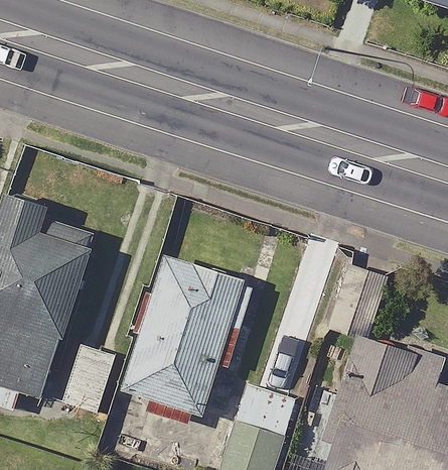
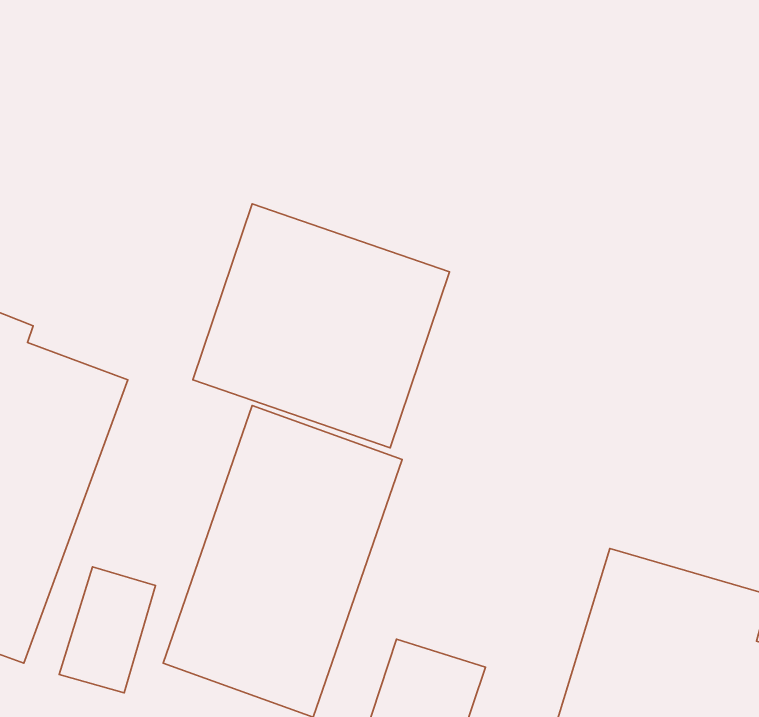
building: none -> [193,204,450,448]

